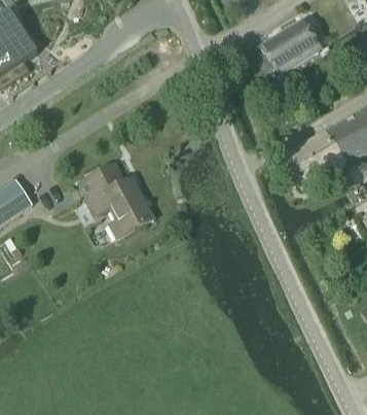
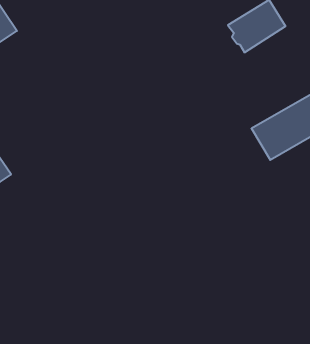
building: [79,162,154,238] -> none

